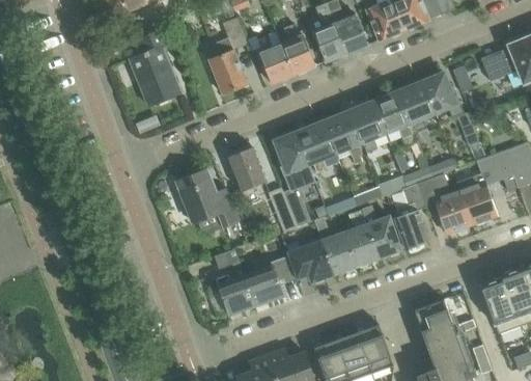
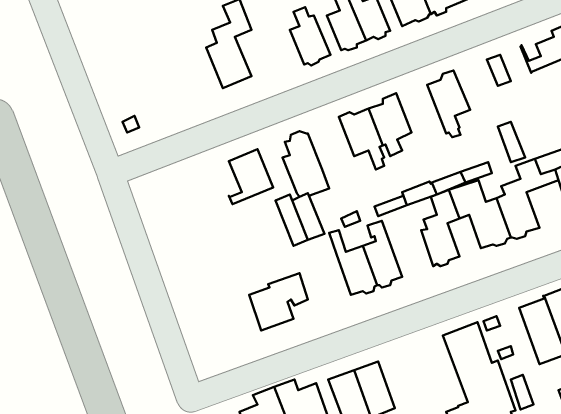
building: [129,28,180,106] -> none
building: [256,34,292,83] -> none
building: [422,75,464,119] -> none
building: [372,91,416,139] -> none
building: [296,119,336,173] -> none
building: [175,169,240,234] -> none
building: [360,207,401,258] -> none
building: [284,239,333,283] -> none
building: [214,249,255,315] -> none
building: [357,324,393,373] -> none

